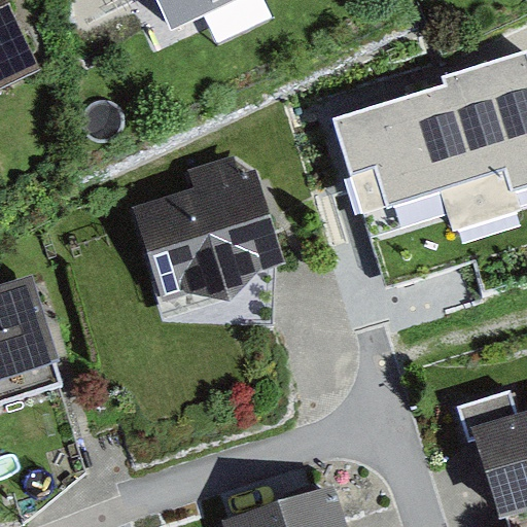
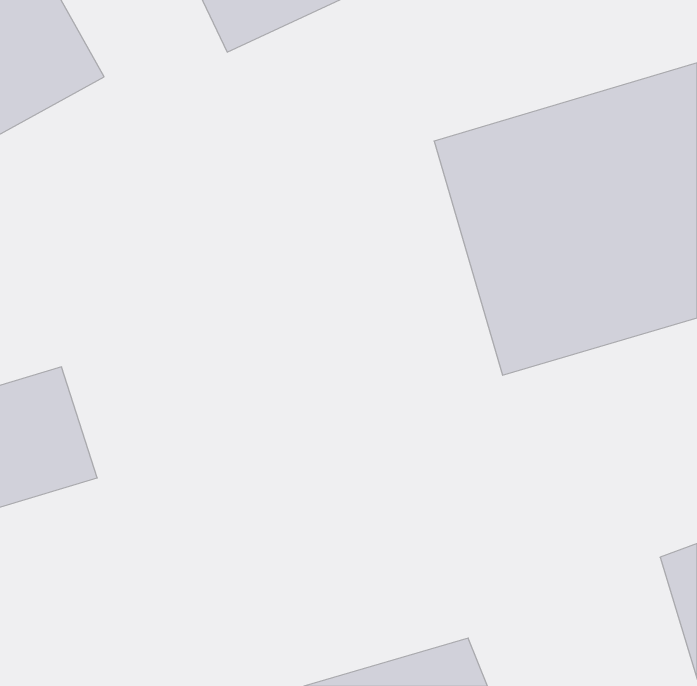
building: [133,153,285,312] -> none

